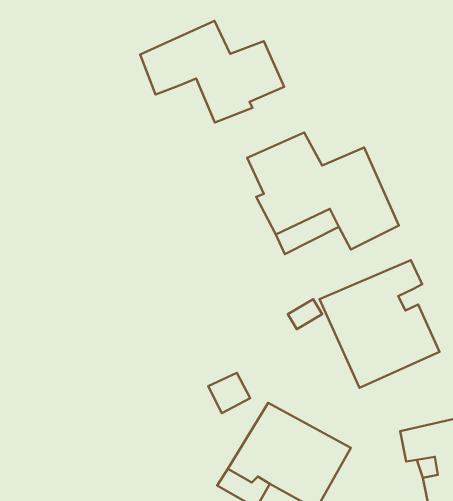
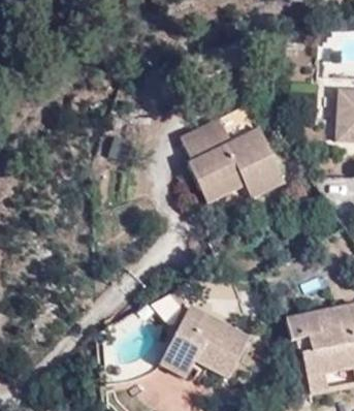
building: [140,21,284,122] -> none
building: [320,260,440,388] -> none

